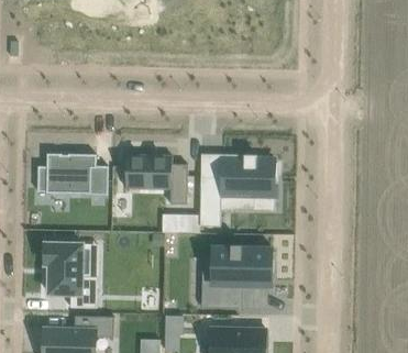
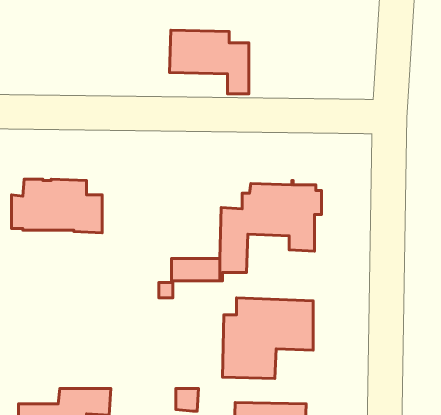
building: [124,154,186,203] -> [170,30,249,94]
building: [44,242,96,307] -> none

